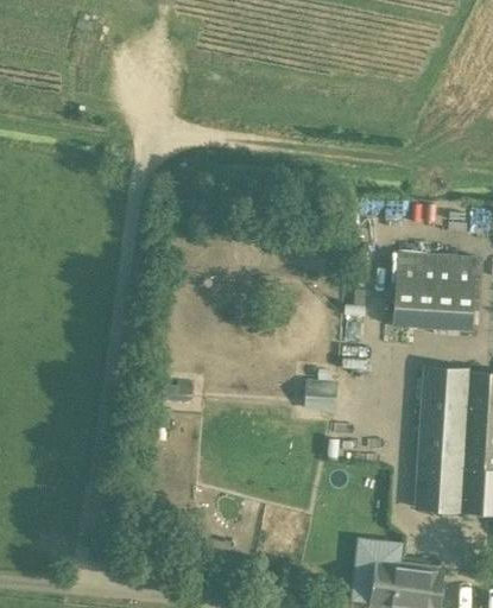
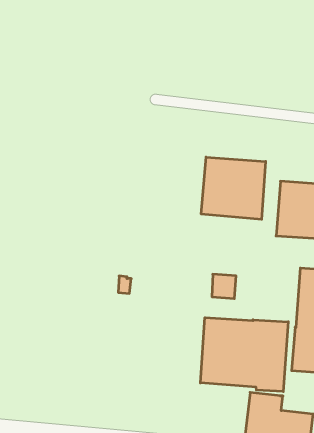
building: none -> [201,157,266,219]
building: none -> [200,318,288,392]

